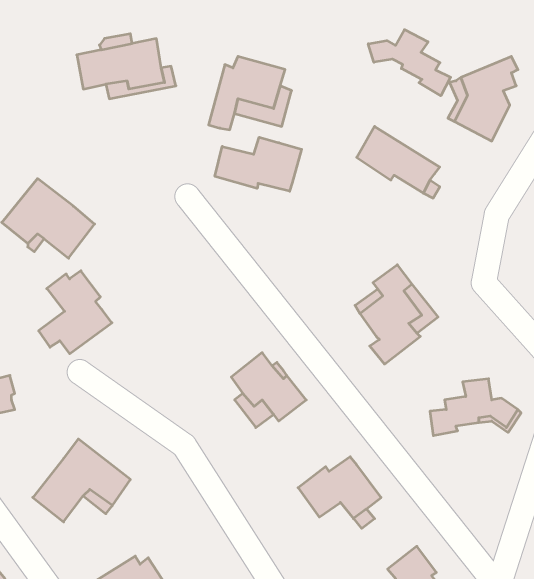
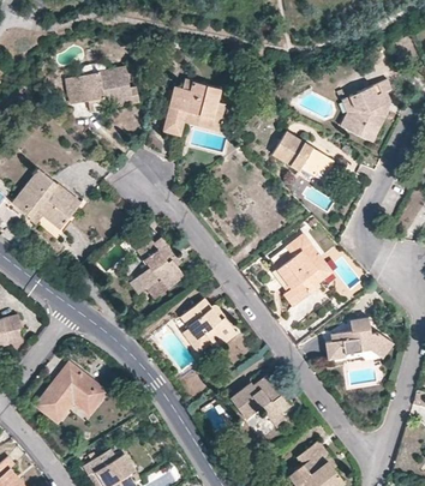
building: [368,30,451,96] -> none
building: [215,137,302,191] -> none
building: [39,271,112,354] -> [131,236,185,298]

